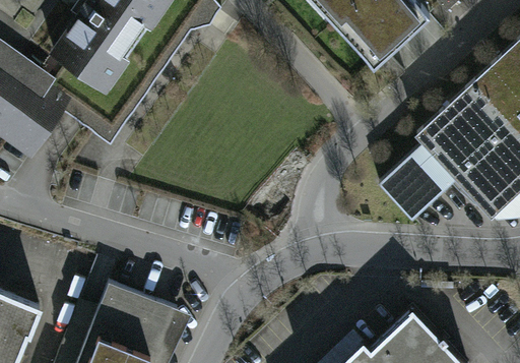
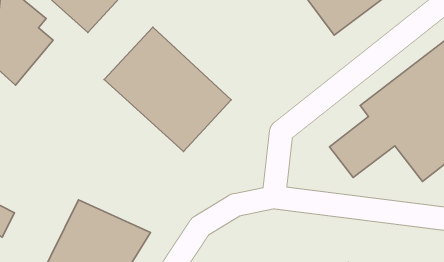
building: none -> [104,27,231,152]

